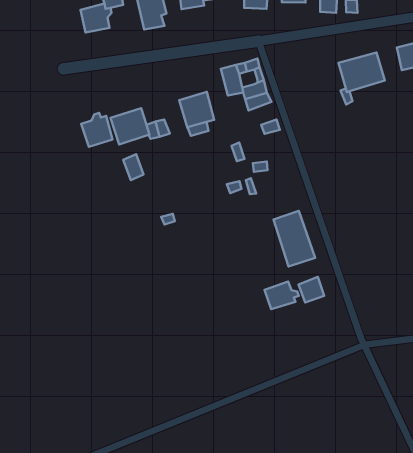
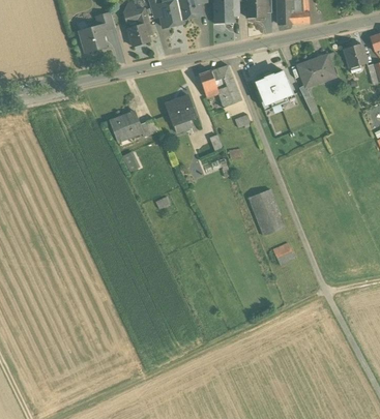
building: none -> [254,69,294,108]
building: [81,113,112,147] -> none
building: [265,282,299,309] -> none

